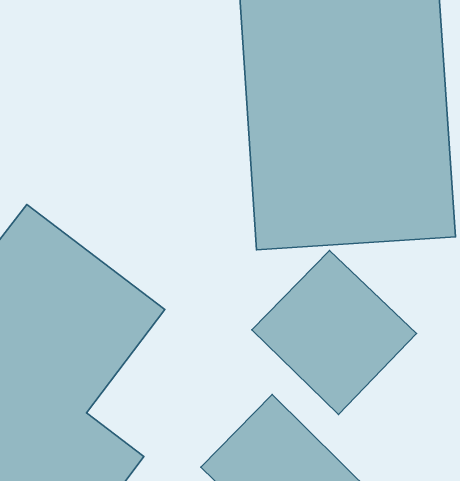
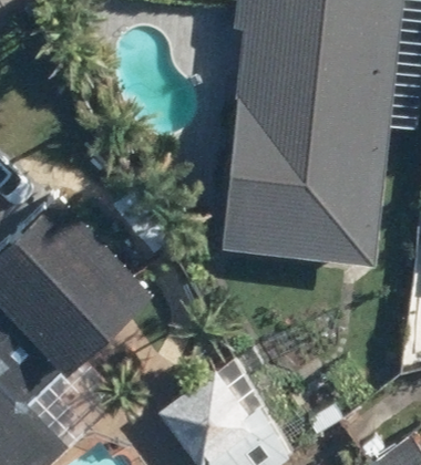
building: [252,250,416,414] -> none

